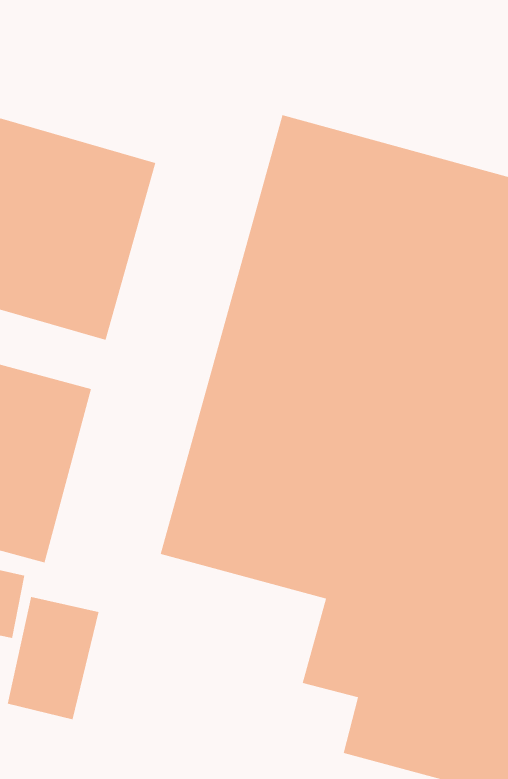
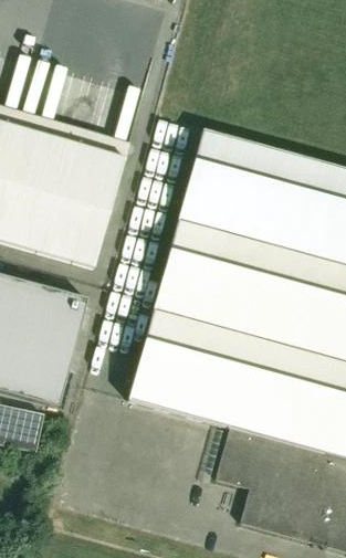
building: [7,596,99,720] -> none

